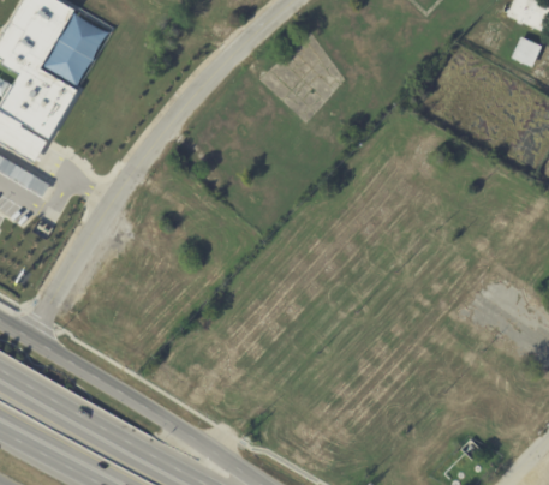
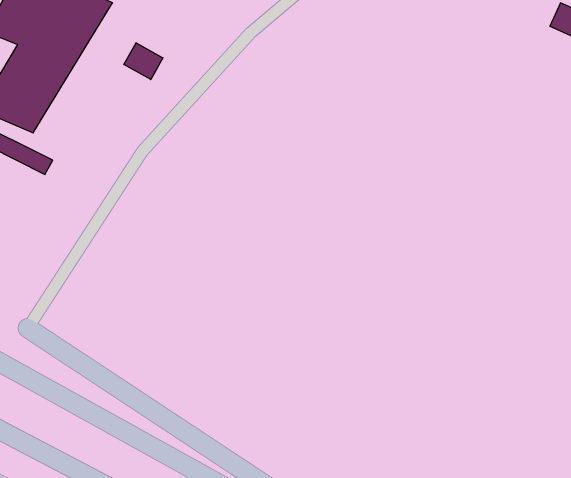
building: none -> [124,43,163,80]

